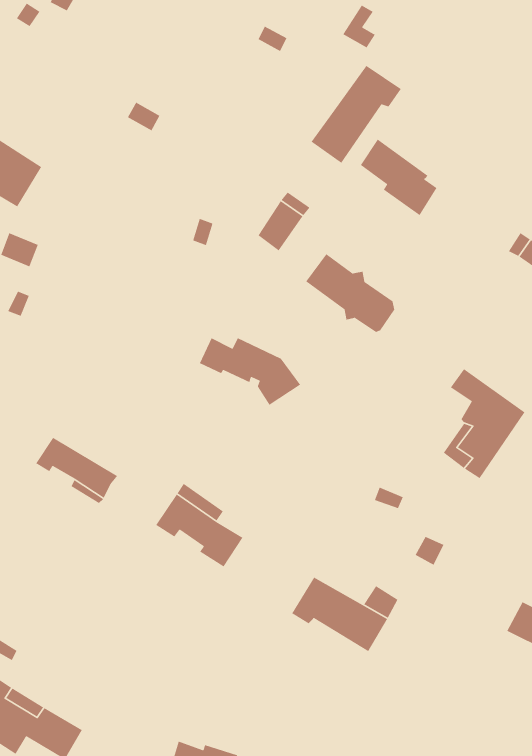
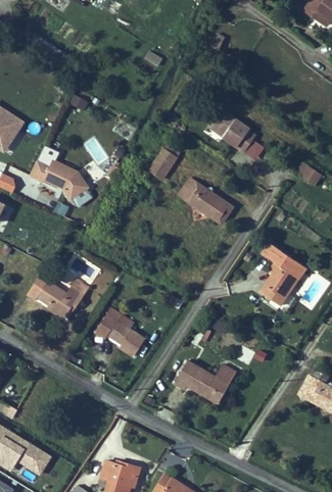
building: [311,65,402,164] -> none
building: [199,337,301,406] -> [31,165,90,205]
building: none -> [33,275,86,303]

